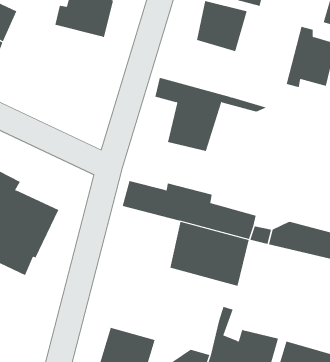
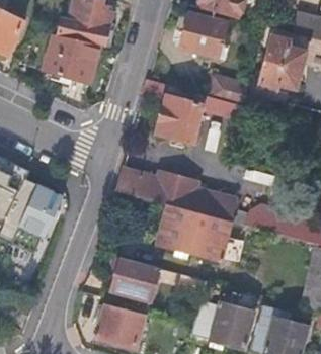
building: none -> [46,33,99,84]
building: none -> [213,75,251,106]
building: none -> [112,258,206,300]

